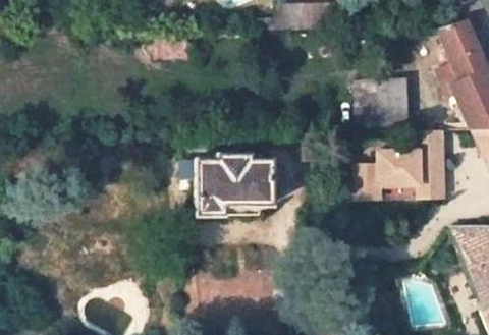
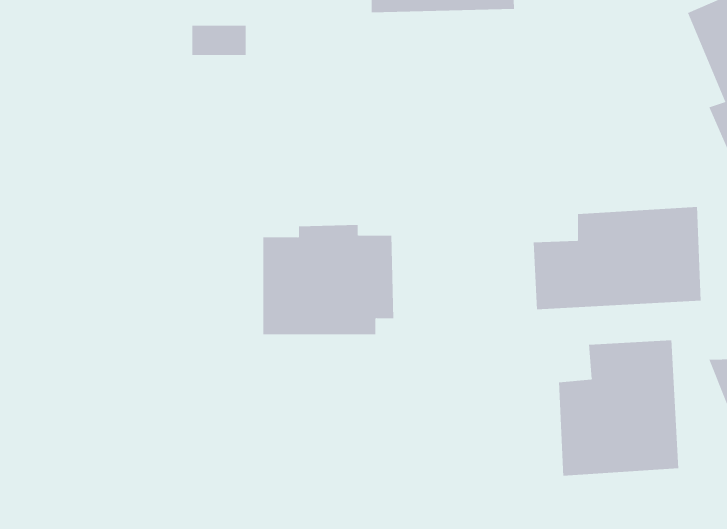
building: [357,81,406,125] -> none
building: none -> [558,340,679,476]

